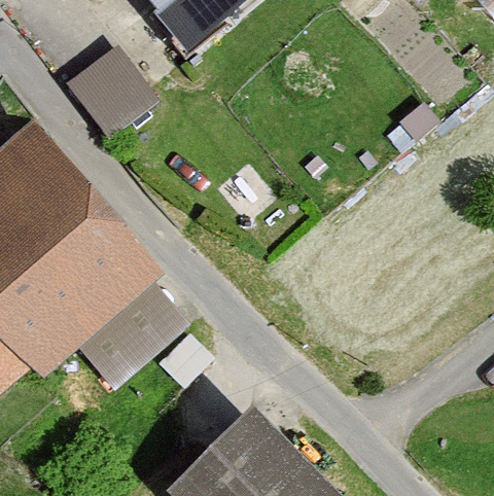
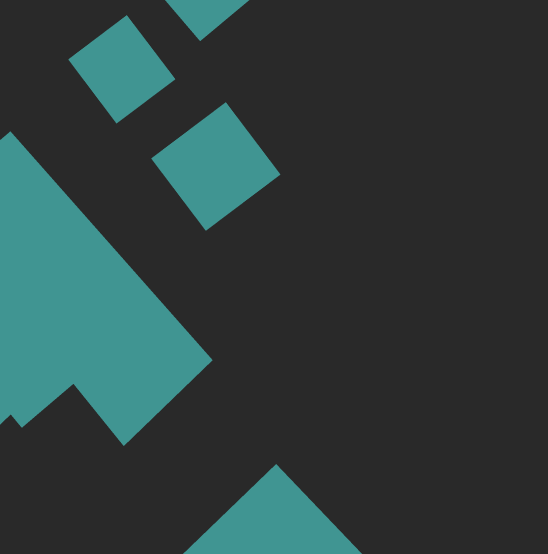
building: none -> [150,101,282,232]

